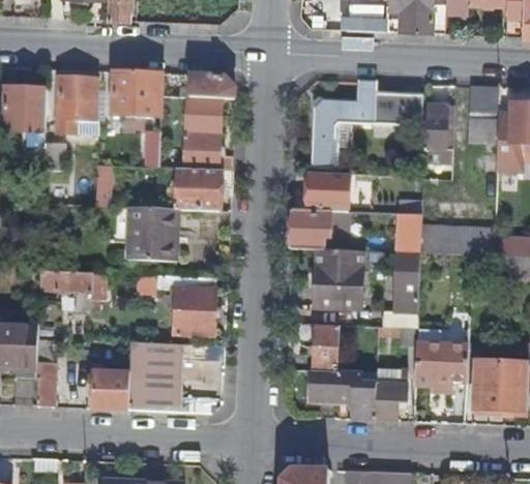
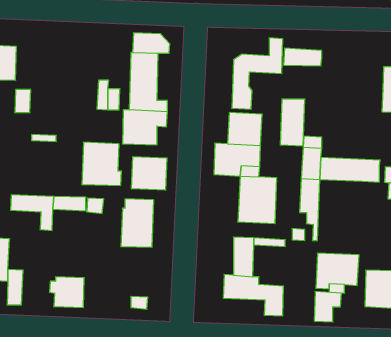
building: [113,70,163,120] -> none
building: [58,77,98,133] -> none
building: [466,85,497,142] -> none
building: [421,105,451,162] -> [280,99,305,146]
building: none -> [131,157,167,190]
building: [129,342,183,411] -> none
building: [373,383,406,420] -> [314,291,341,322]

